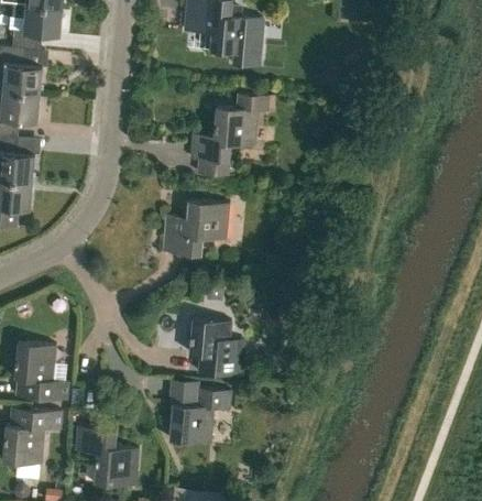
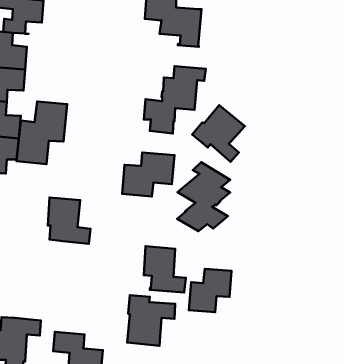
building: none -> [17,101,67,164]
building: none -> [192,105,245,162]
building: none -> [177,162,230,231]
building: [14,344,68,402] -> [48,197,91,244]
building: none -> [189,269,231,312]

